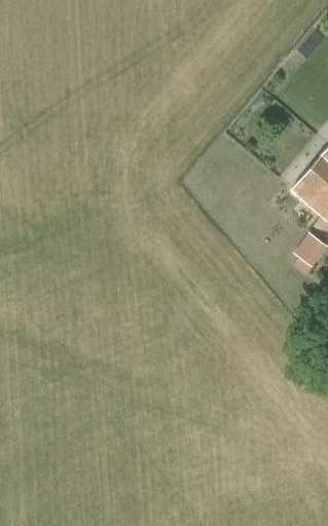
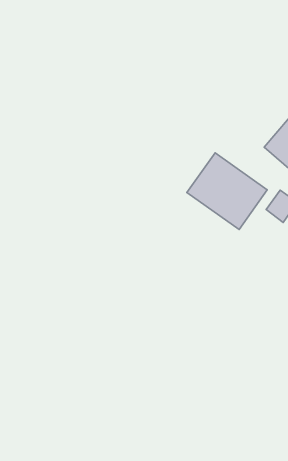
building: none -> [187,153,267,229]

